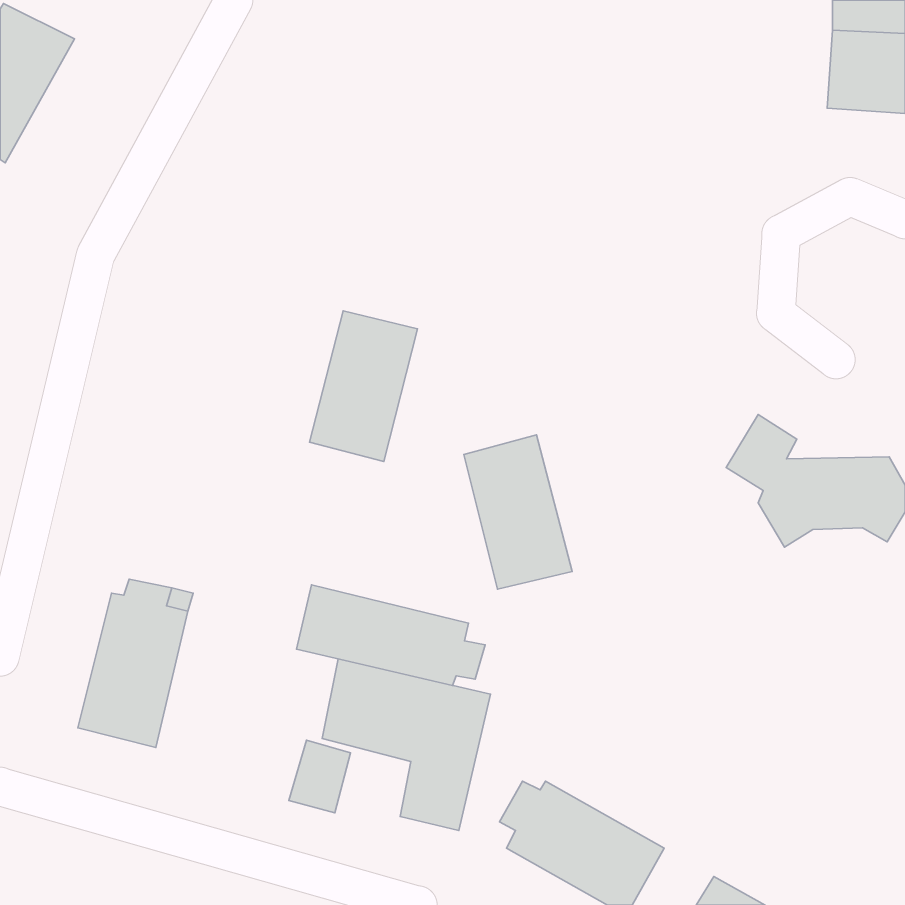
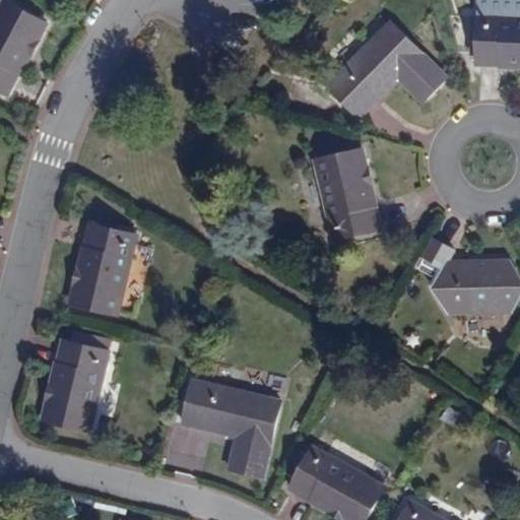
building: none -> [326,22,445,119]
building: [310,311,418,462] -> [70,226,132,313]
building: [464,435,572,589] -> [315,151,377,240]
building: [296,585,485,685] -> none

